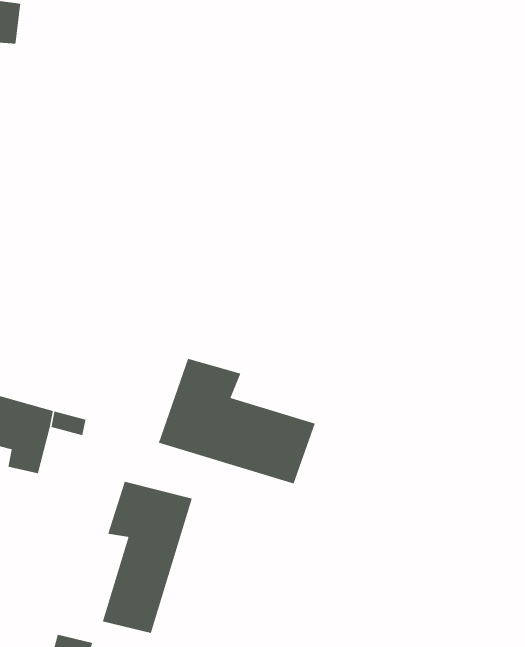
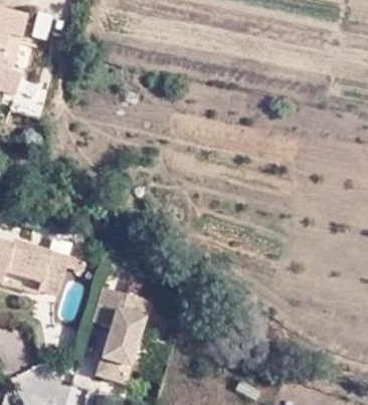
building: [158,358,316,485] -> none

